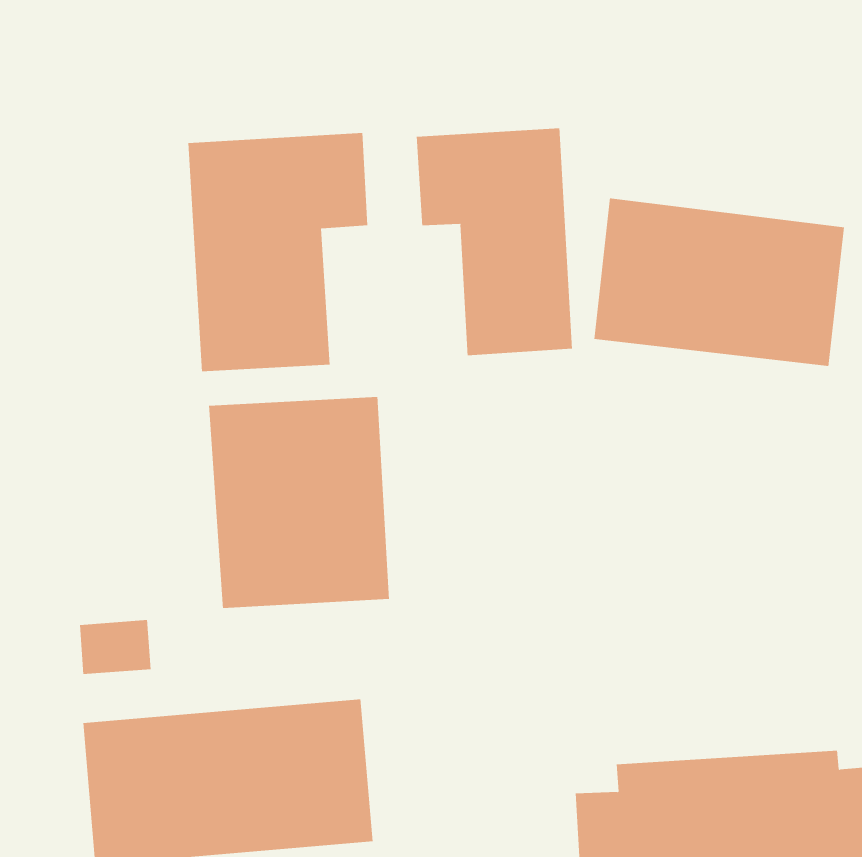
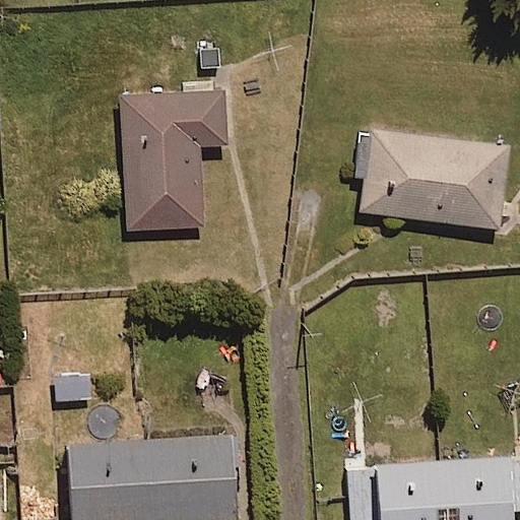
building: [416,128,573,356] -> none
building: [208,396,390,609] -> none

